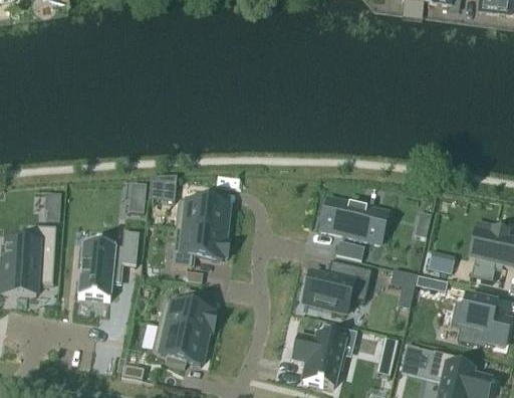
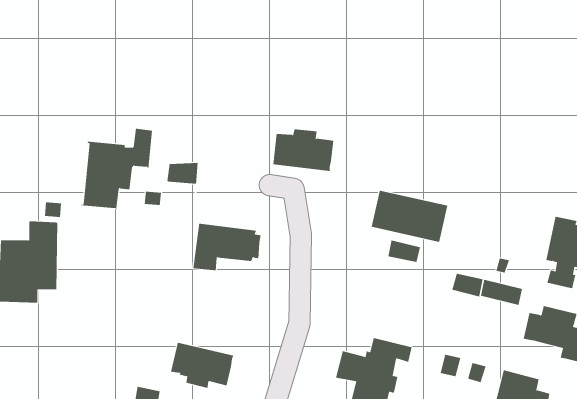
building: [176,196,228,232] -> [272,129,334,172]
building: [77,230,139,298] -> [80,128,153,209]
building: [305,260,373,313] -> none
building: [158,288,216,338] -> none

